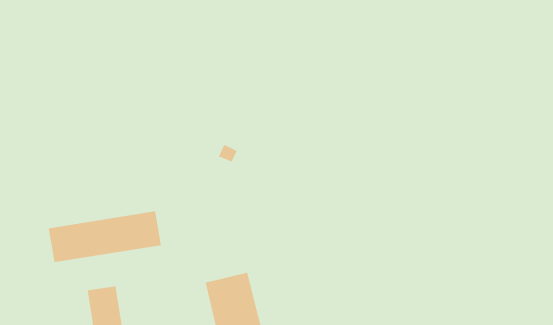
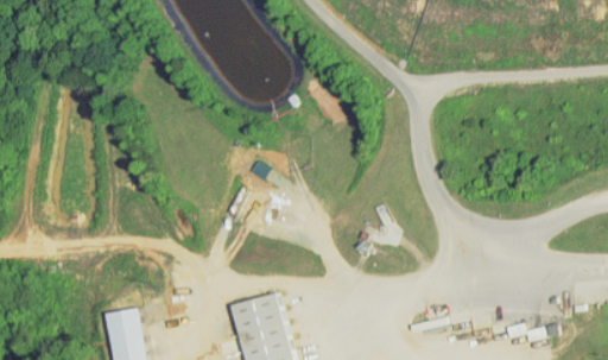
building: [48,211,162,263] -> none

